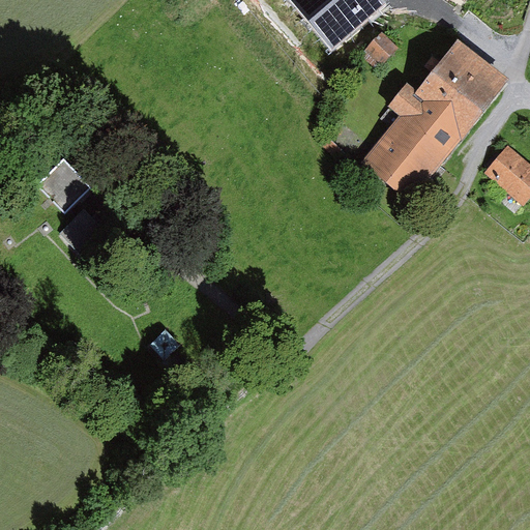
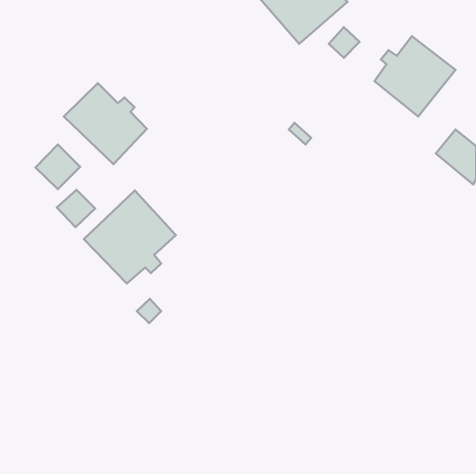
building: [362,83,465,199] -> none
building: none -> [64,83,147,164]
building: none -> [84,190,176,284]

